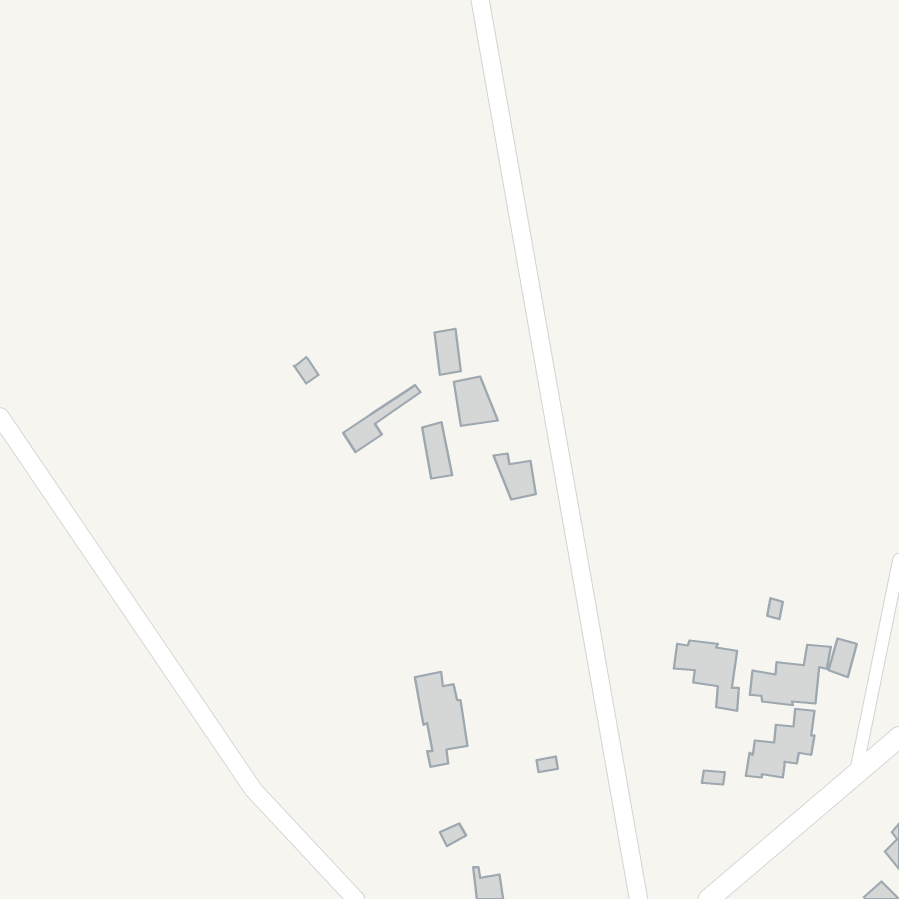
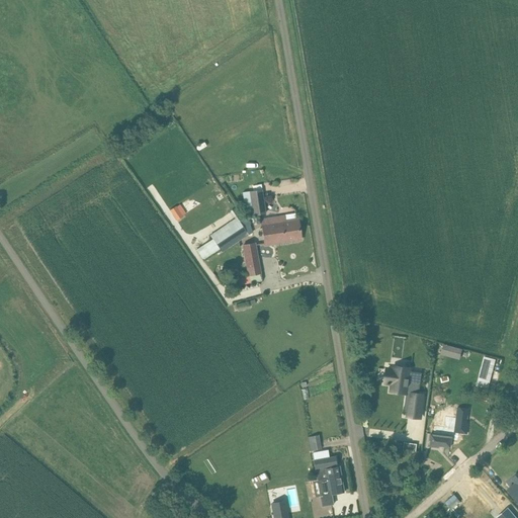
building: [494,454,536,499] -> [276,215,300,242]
building: [750,645,831,705] -> none
building: [415,672,468,767] -> [314,450,344,505]

